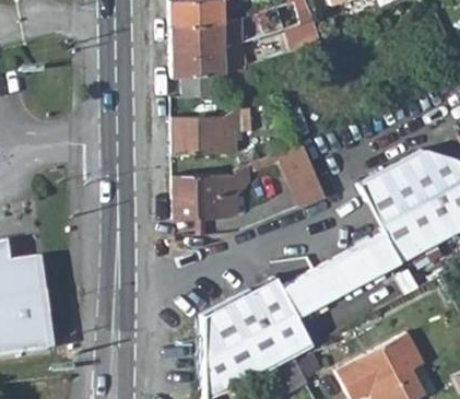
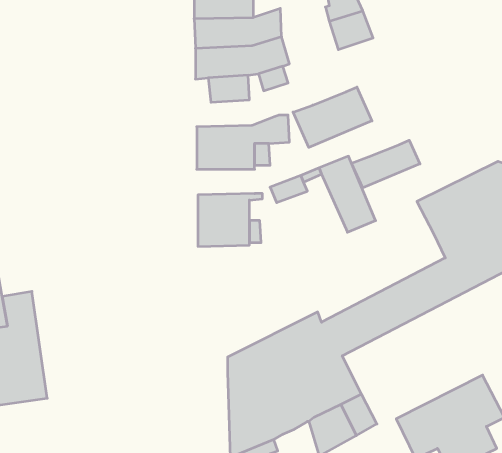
building: none -> [293,87,372,147]
building: none -> [352,140,420,188]

